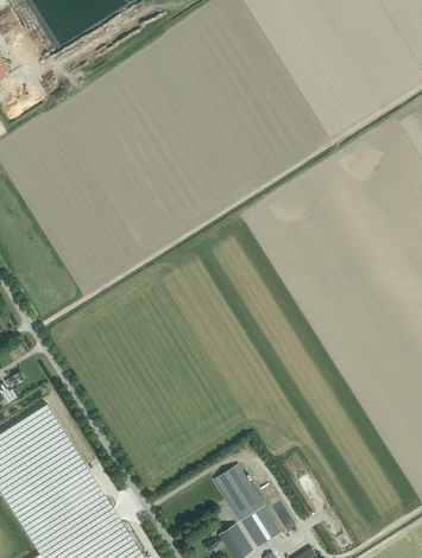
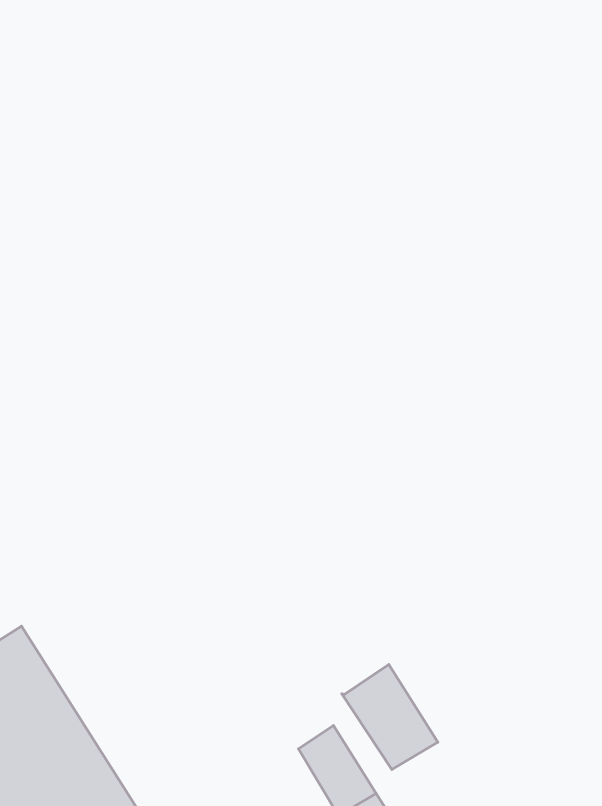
building: none -> [342,664,438,770]

